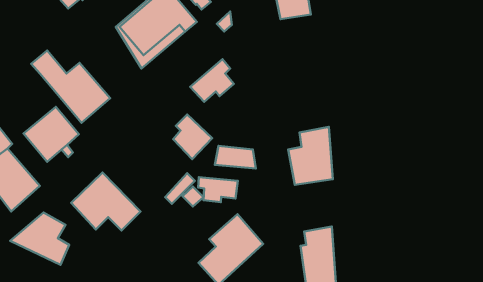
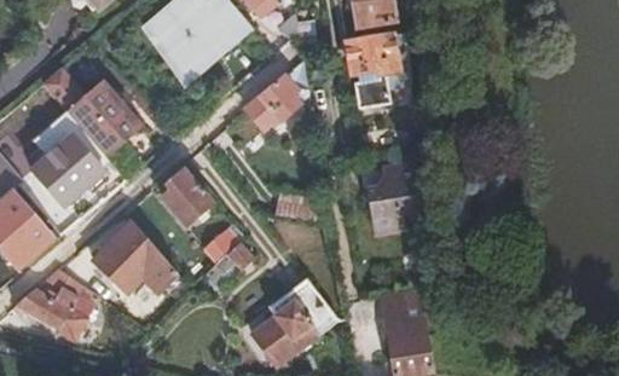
building: none -> [347,30,413,110]
building: [173,114,212,159] -> [164,173,214,230]
building: [198,177,238,202] -> none

